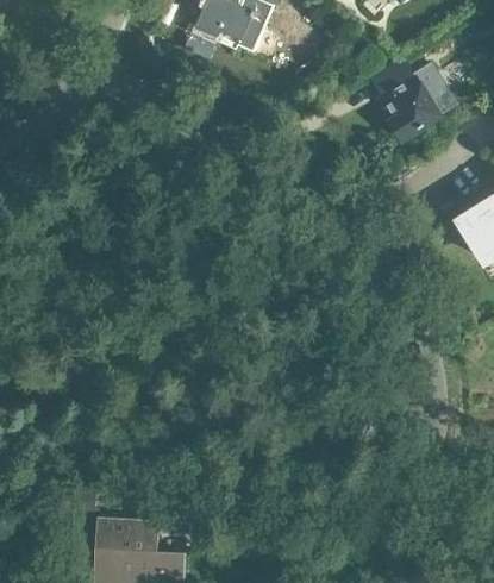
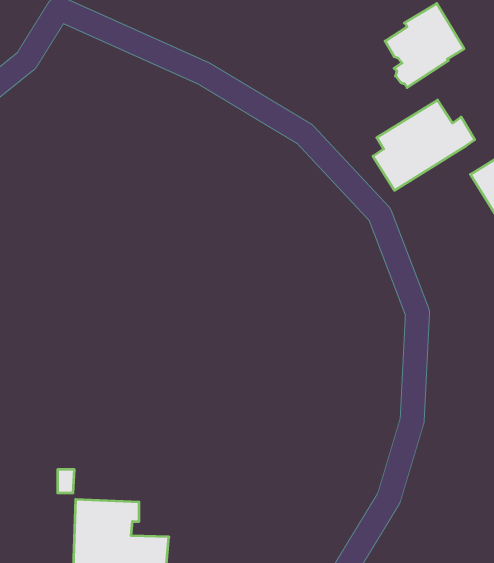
building: none -> [373,100,475,190]

